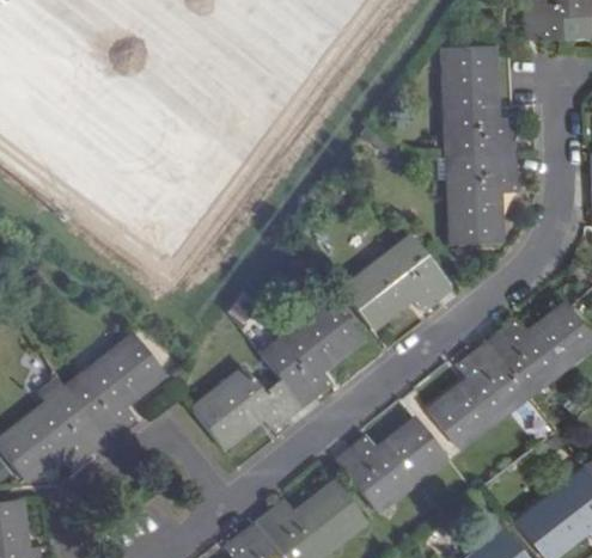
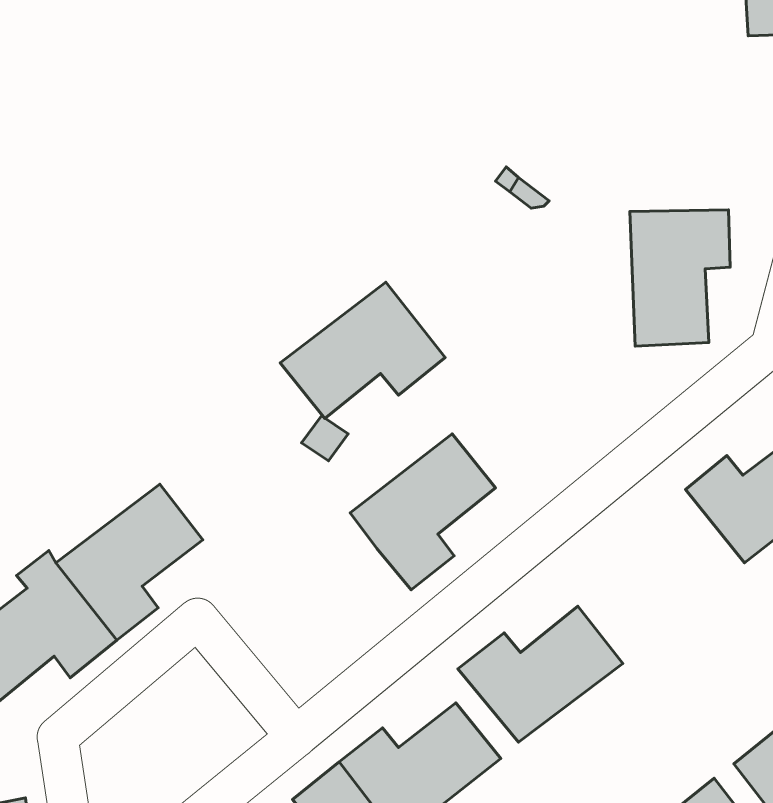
building: [441,44,514,155] -> none
building: [342,239,452,330] -> [280,282,445,418]
building: [426,341,525,446] -> none
building: [194,370,303,448] -> none

